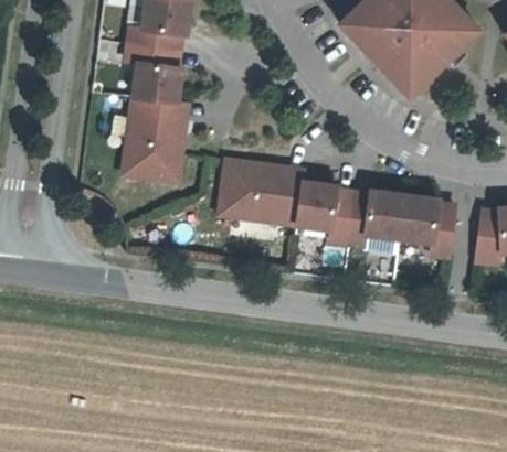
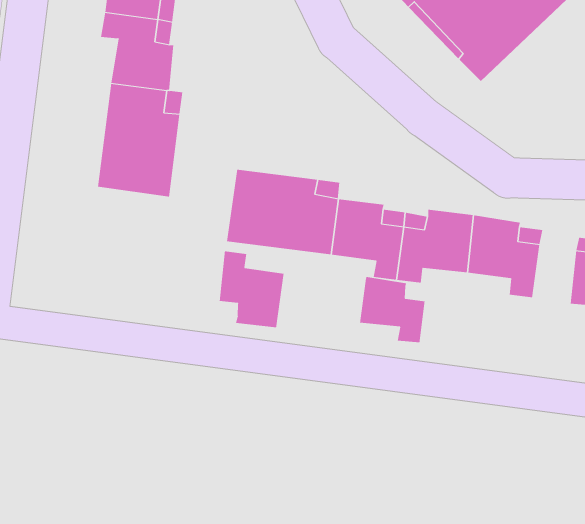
building: none -> [219,251,284,328]
building: none -> [359,276,425,343]

